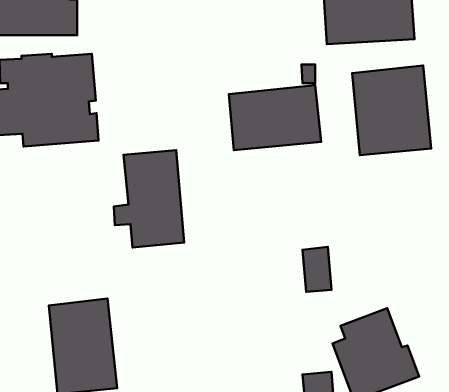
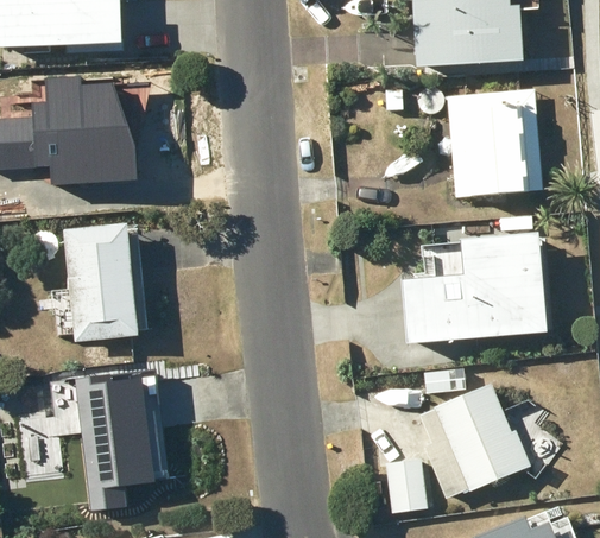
building: [229,85,321,150] -> none
building: [114,150,184,248] -> [53,220,139,338]
building: none -> [419,241,536,335]

